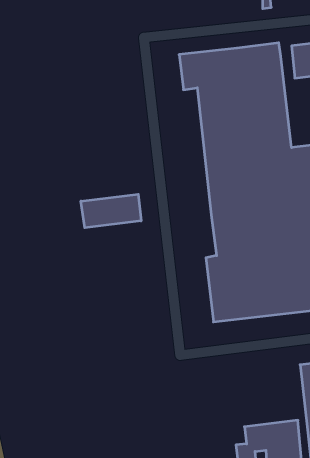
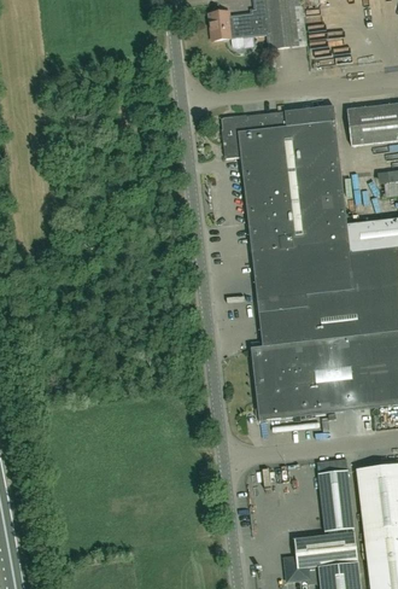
building: [81,194,141,228] -> none
building: none -> [318,470,353,531]

